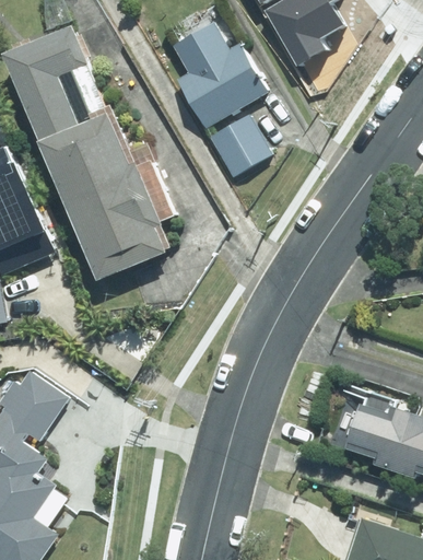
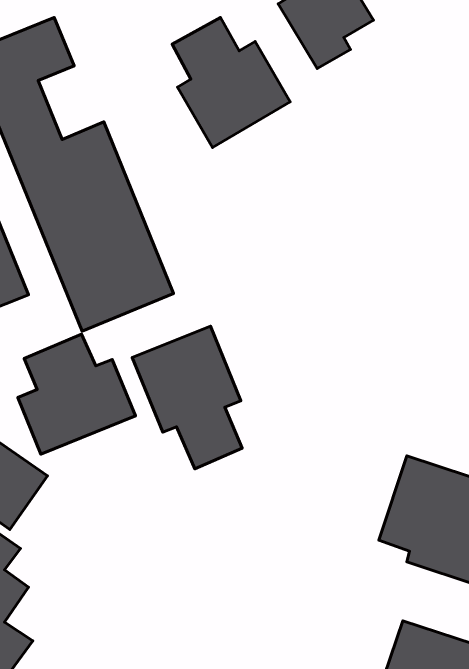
building: [205,115,270,178] -> none
building: none -> [132,326,242,469]
building: none -> [18,334,135,454]

